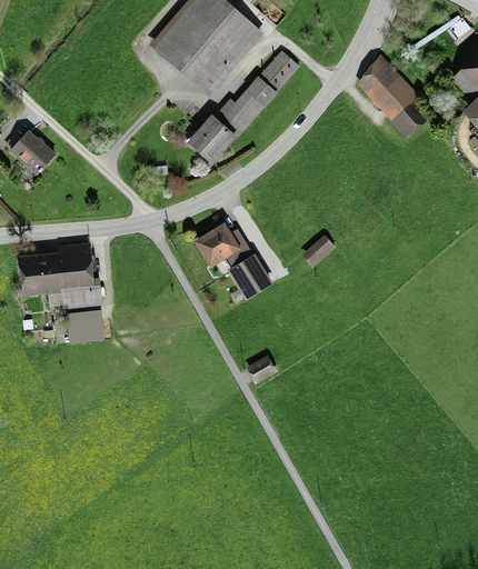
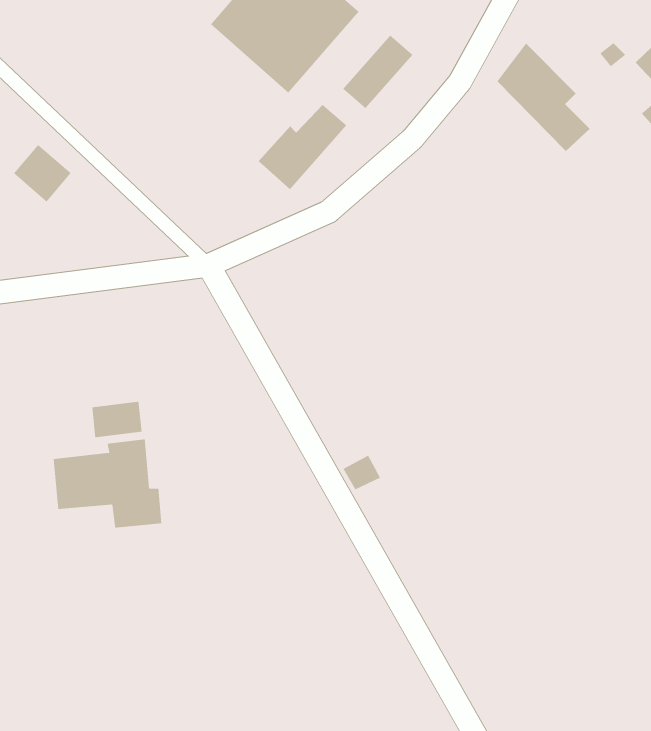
building: [195,223,270,296] -> none
building: [303,236,335,266] -> none
building: [20,242,99,307] -> [53,439,162,528]

